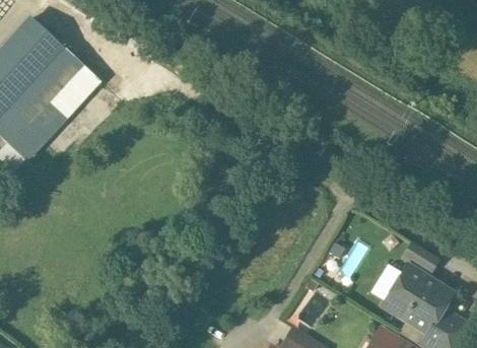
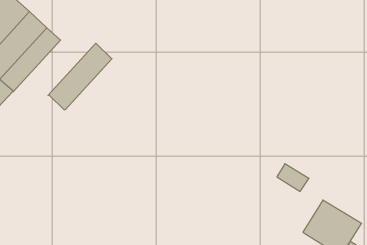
building: none -> [48,43,112,110]
building: [403,243,440,276] -> [277,164,309,191]

